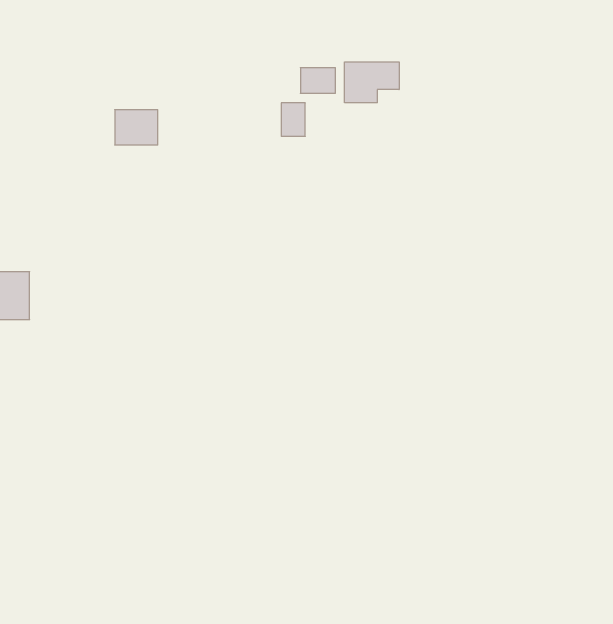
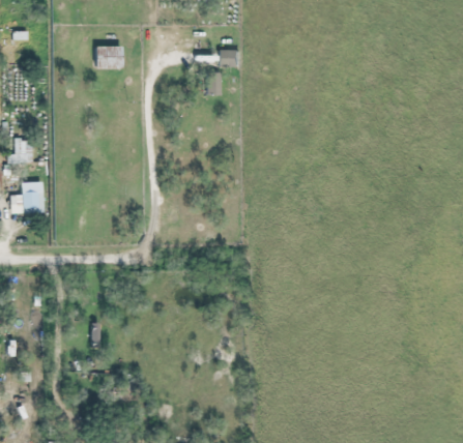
building: [345,62,399,103] -> none
building: [115,110,158,145] -> [94,46,122,68]

